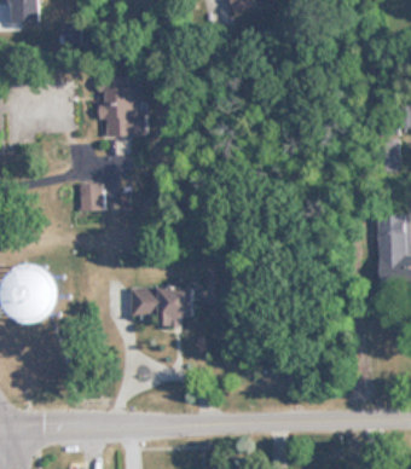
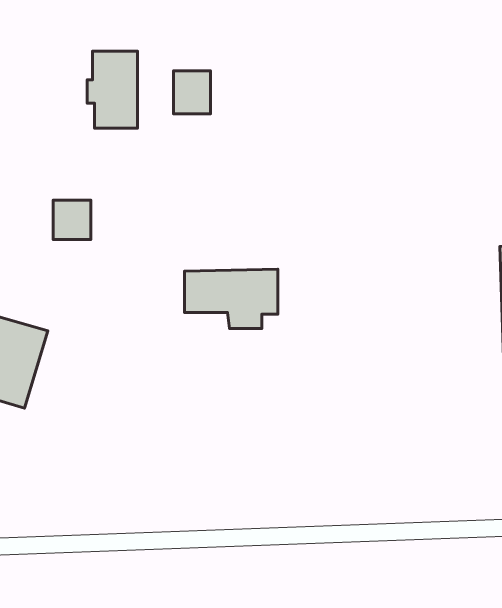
building: none -> [174,71,210,114]
building: [129,286,192,326] -> [185,269,278,329]

